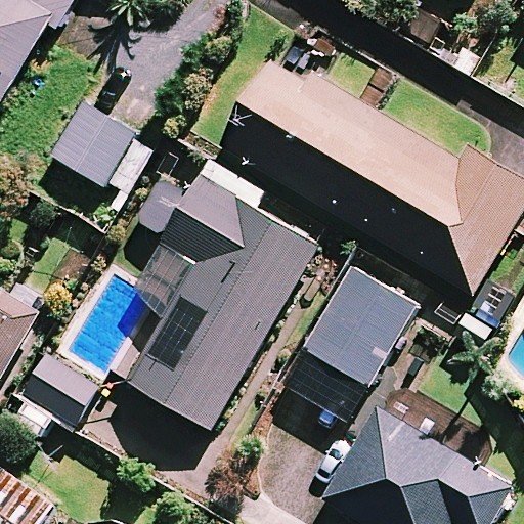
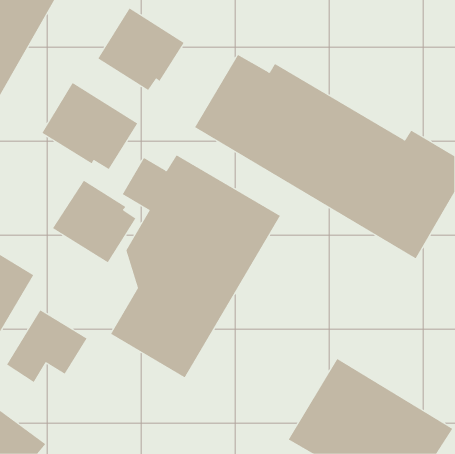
building: none -> [98,7,184,91]
building: none -> [52,180,136,263]
building: [281,266,416,431] -> none

